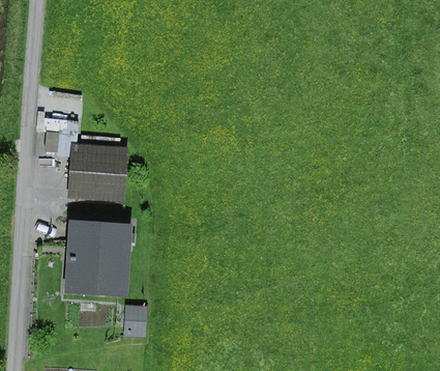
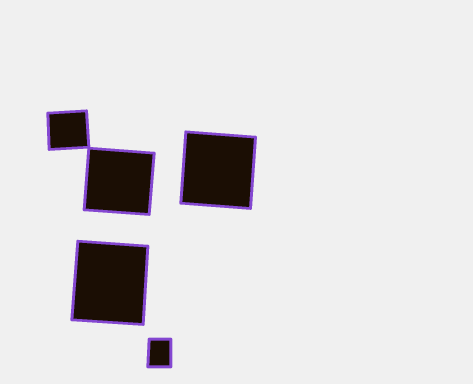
building: none -> [181,132,255,208]

